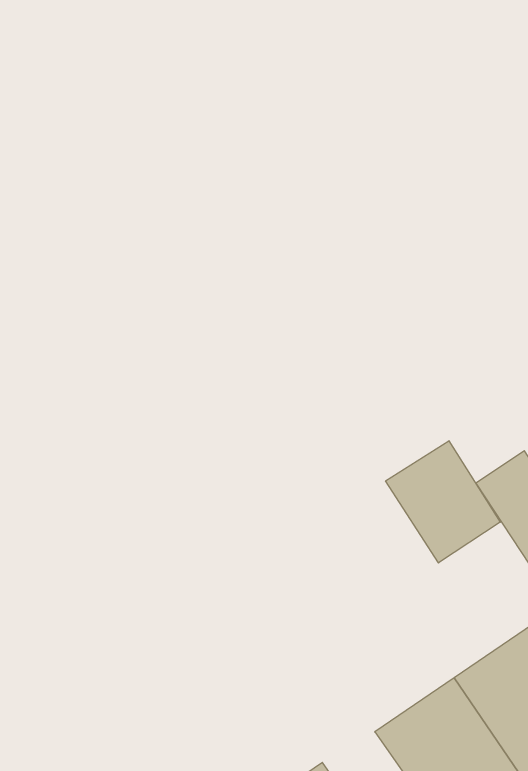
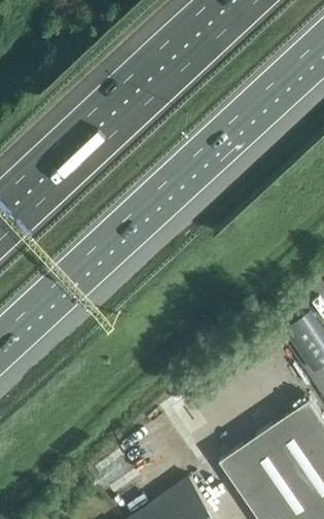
building: [386,441,500,563] -> none

